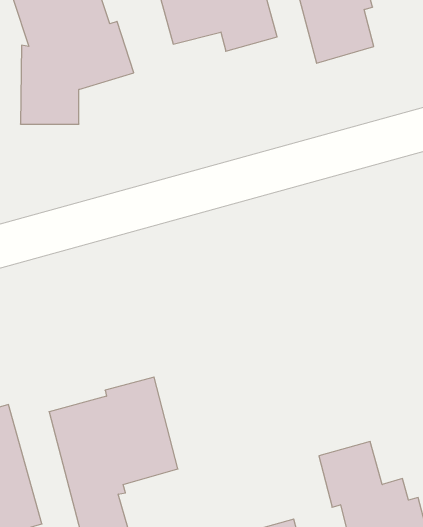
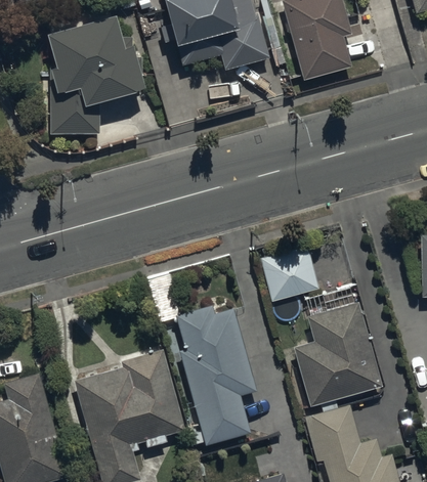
building: none -> [260,247,318,302]
building: none -> [293,303,383,406]
building: none -> [175,306,257,446]

